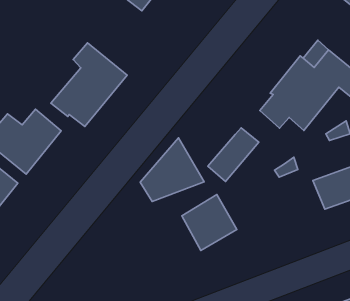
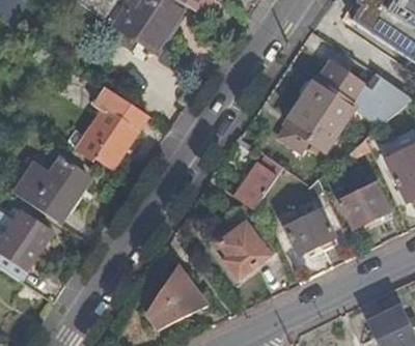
building: [140,138,204,201] -> [143,263,205,327]
building: none -> [285,208,334,252]

